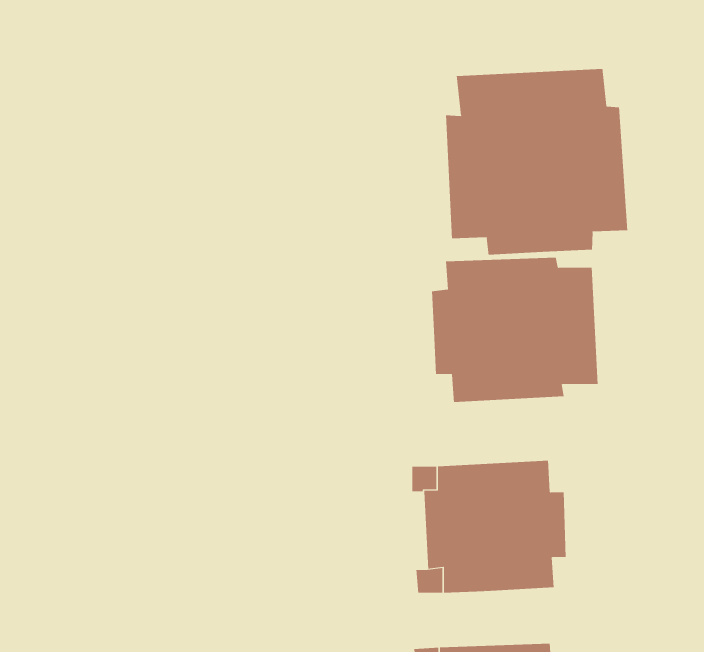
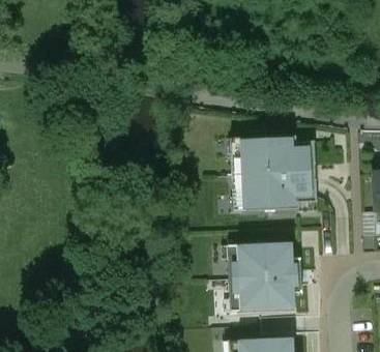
building: [446,68,628,256] -> none

